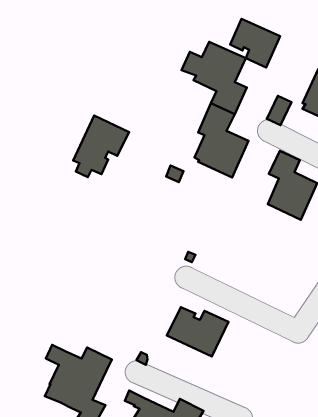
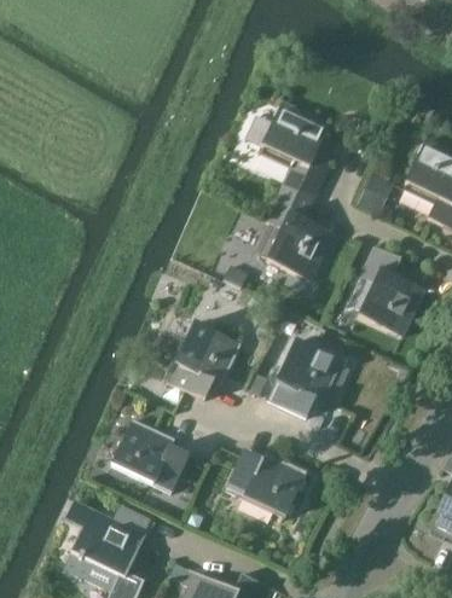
building: [230,19,280,68] -> none
building: [73,116,129,177] -> [168,323,242,403]
building: none -> [268,341,342,418]
building: none -> [112,419,190,493]

